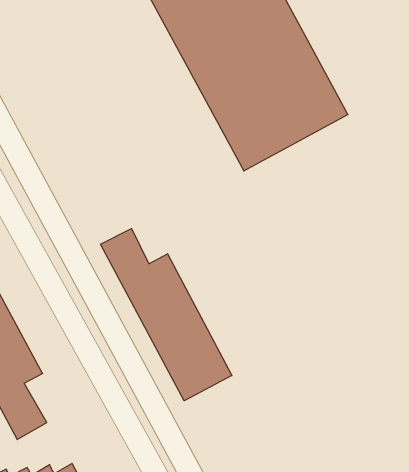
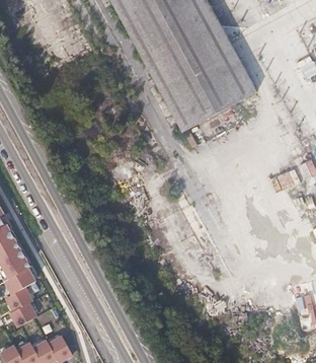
building: [101,229,232,401] -> none

